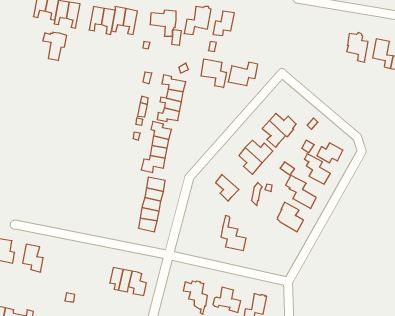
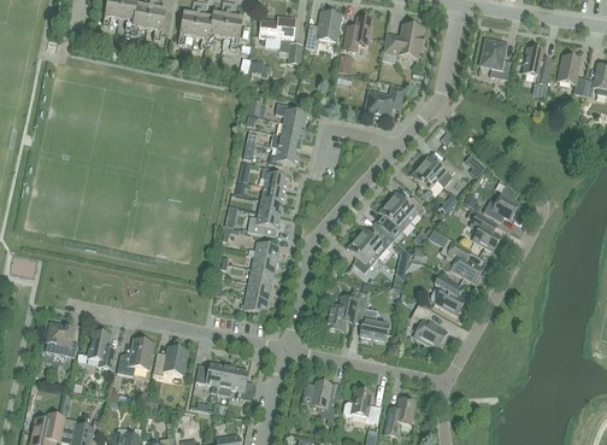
building: none -> [385,23,423,57]
building: none -> [479,39,511,78]
building: [43,32,66,61] -> none
building: [201,59,226,88] -> none
building: none -> [355,227,394,257]
building: none -> [325,295,358,330]
building: none -> [409,303,447,349]
building: none -> [117,339,153,375]
building: none -> [153,346,188,374]

